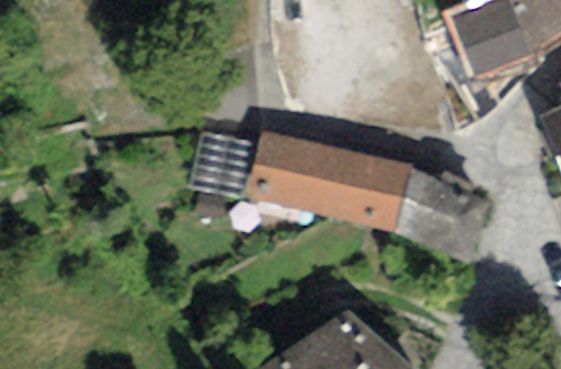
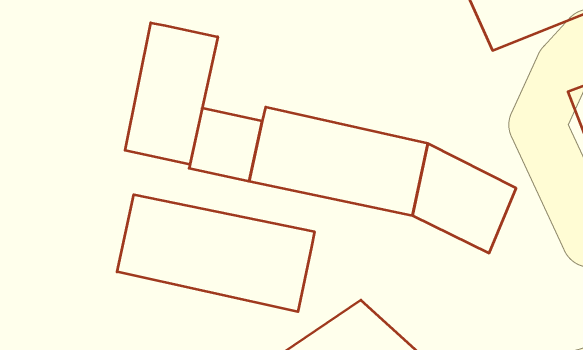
building: none -> [125,23,218,164]
building: none -> [117,195,314,312]

